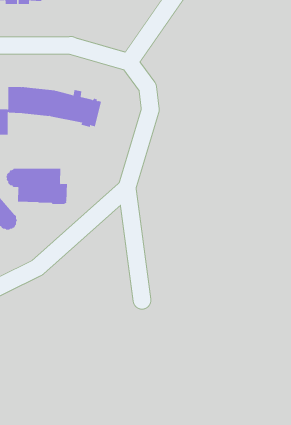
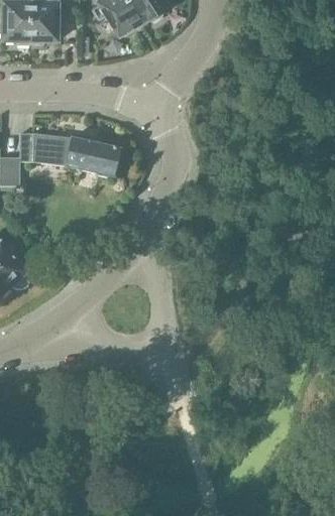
building: [6,168,67,205] -> none

